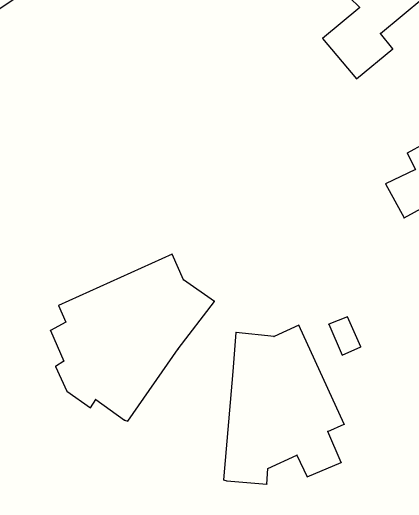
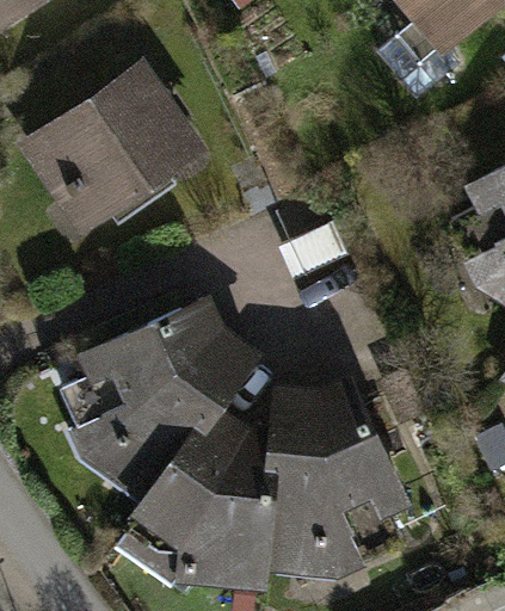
building: none -> [35,69,193,211]
building: none -> [117,409,275,584]

